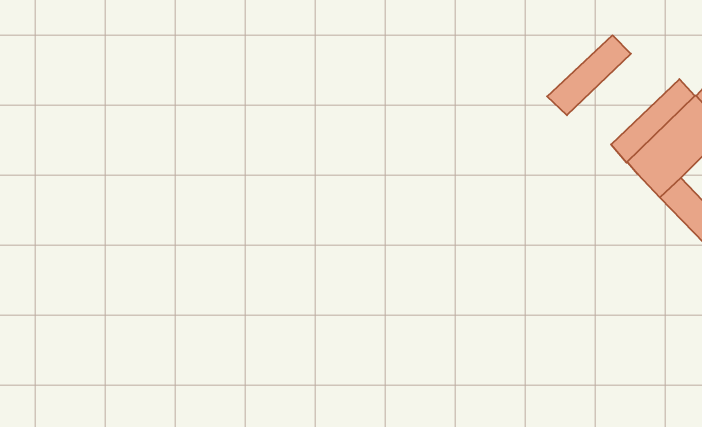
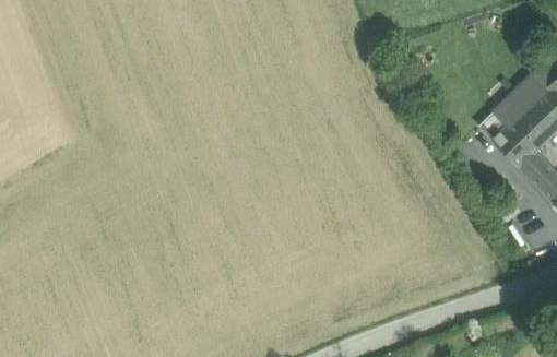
building: [547,35,631,115] -> none

